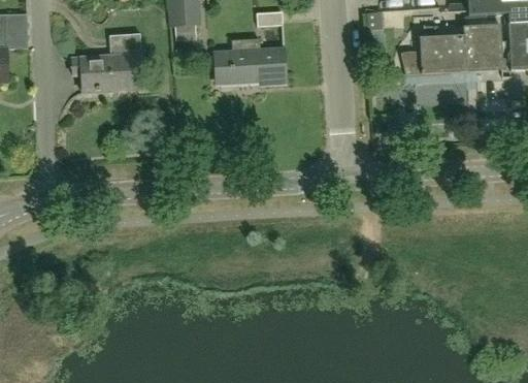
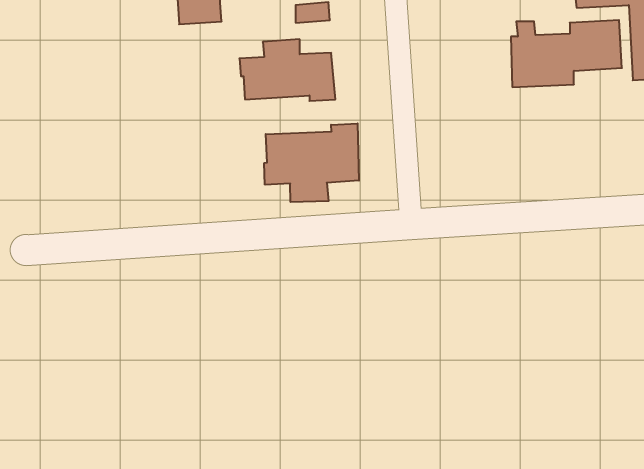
building: [72,34,144,92] -> none
building: none -> [264,123,359,202]

